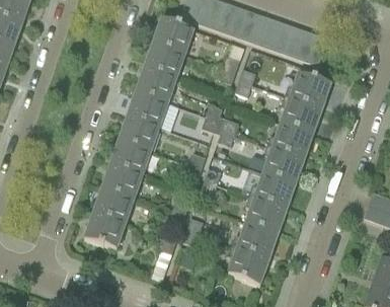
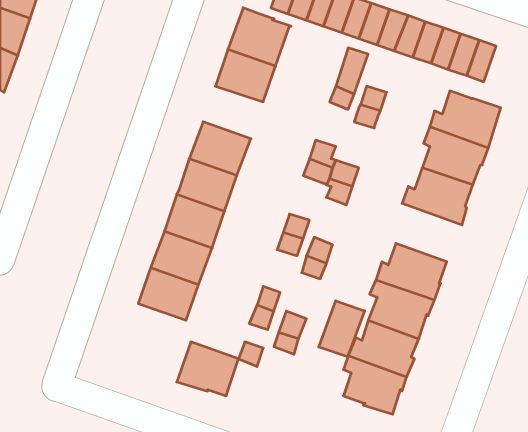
building: [136,68,175,102] -> none
building: [262,145,306,183] -> none
building: none -> [319,301,365,357]
building: [84,211,125,246] -> [177,342,239,396]

